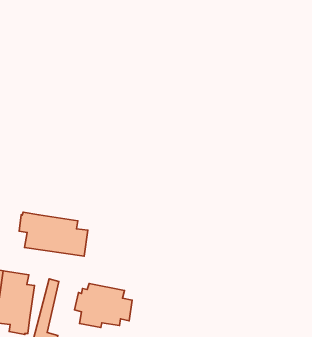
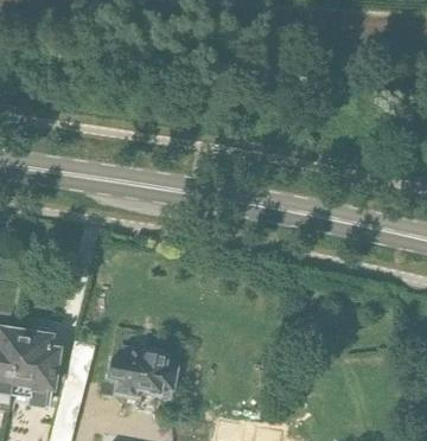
building: [19,212,88,256] -> none

